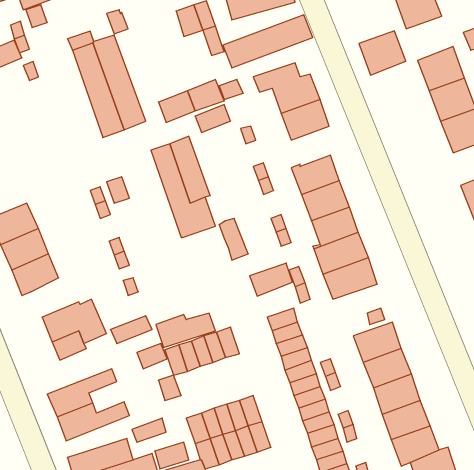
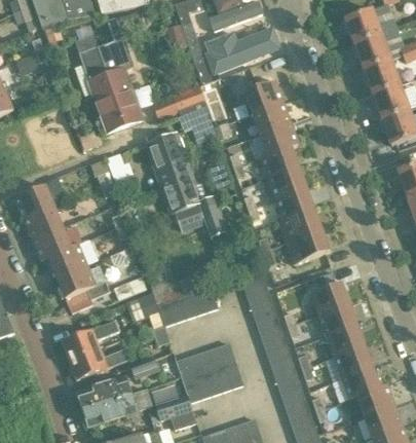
building: [359,31,406,75] -> [353,33,391,69]
building: none -> [260,122,299,155]
building: [250,263,293,296] -> [172,202,206,229]
building: none -> [48,243,87,278]

